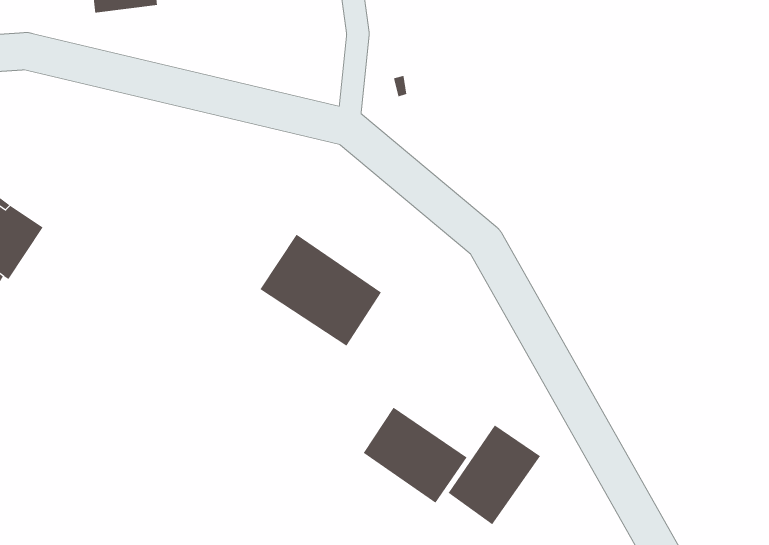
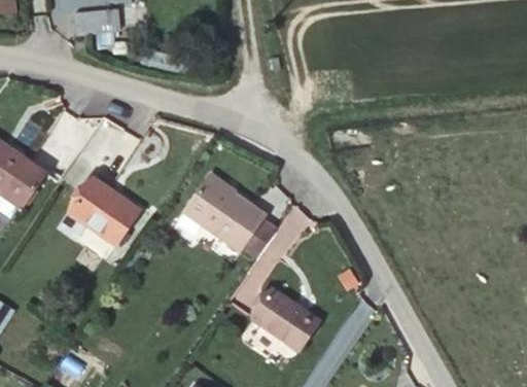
building: none -> [69,177,140,244]
building: [448,424,541,525] -> none

